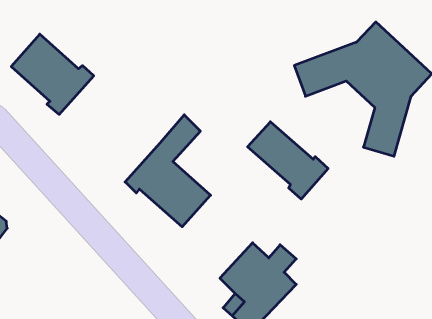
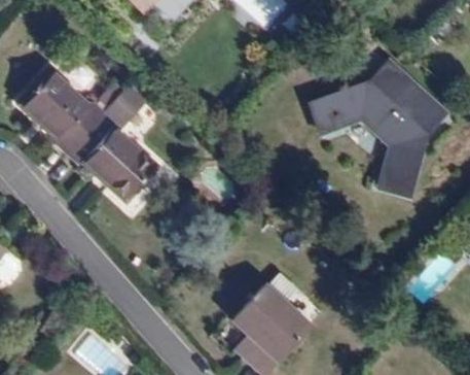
building: [125,115,211,227] -> [70,86,156,199]
building: [248,122,328,199] -> none

